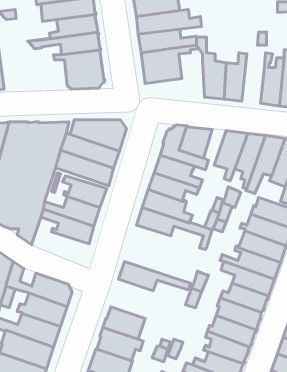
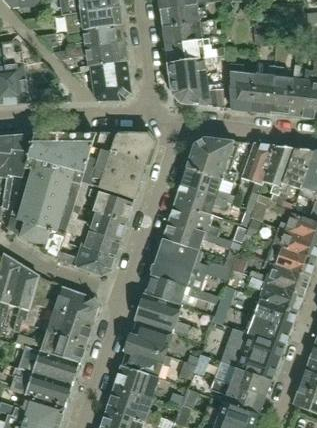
building: none -> [270,64,293,114]
building: none -> [172,82,224,107]
building: none -> [151,238,233,291]
building: none -> [59,245,115,274]
building: none -> [135,293,190,336]

